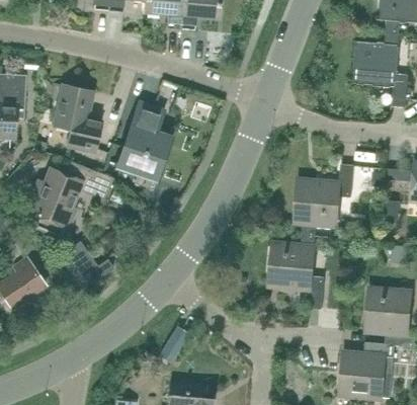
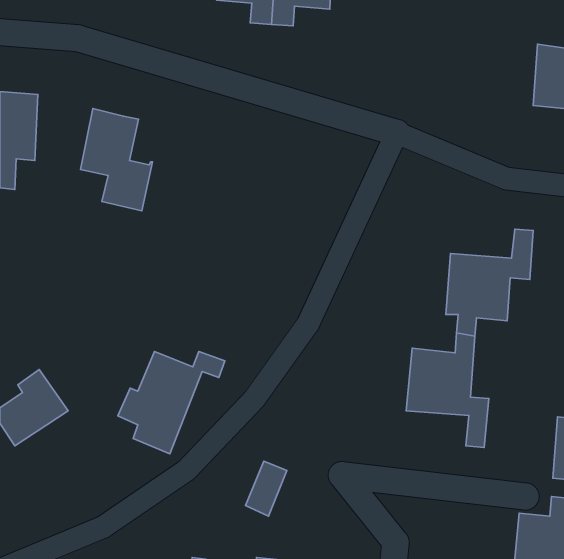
building: [118,102,168,177] -> none
building: [25,167,96,235] -> [118,352,225,454]

